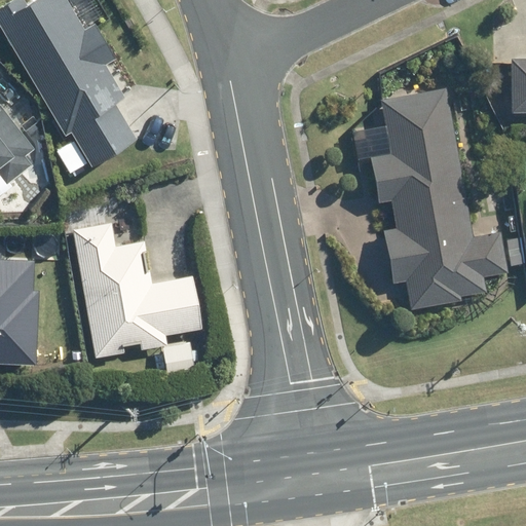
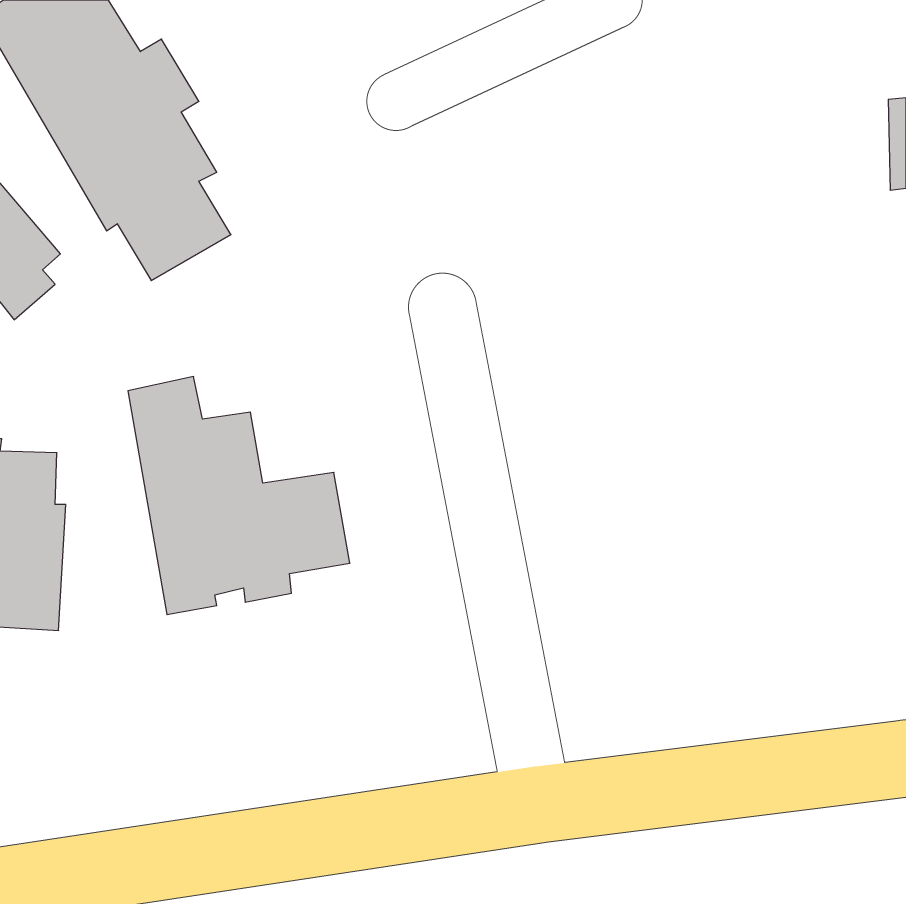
building: [372,86,508,310] -> none

